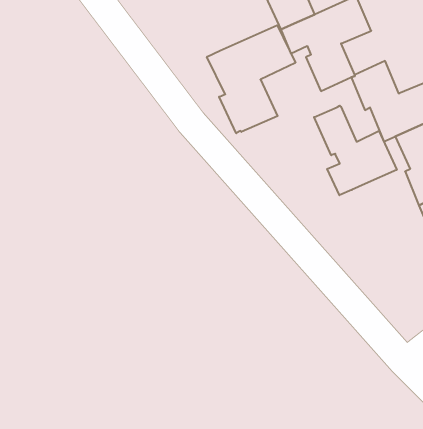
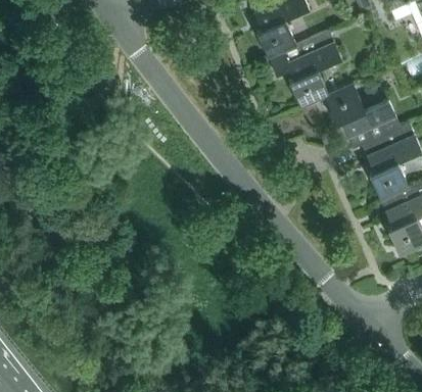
building: [207,25,295,133] -> none
building: [314,106,397,195] -> none

